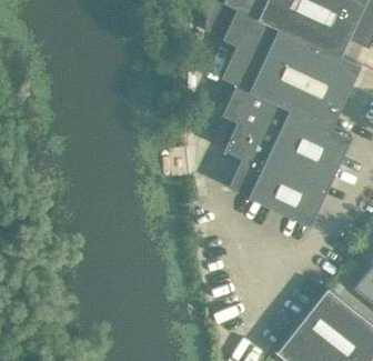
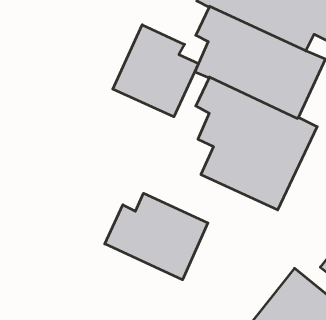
building: none -> [113,25,198,117]
building: none -> [105,193,208,280]

